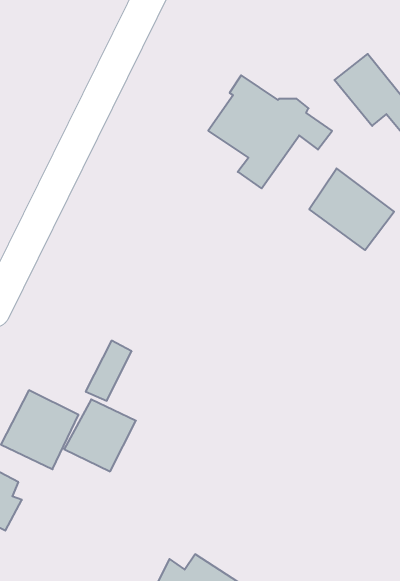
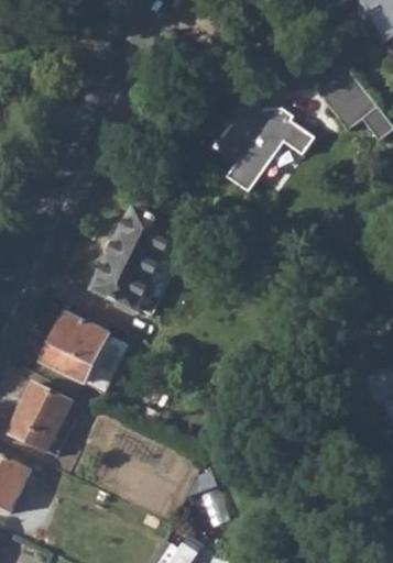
building: [309,168,394,250] -> none
building: none -> [87,203,188,314]
building: [64,399,136,471] -> [39,314,106,382]

